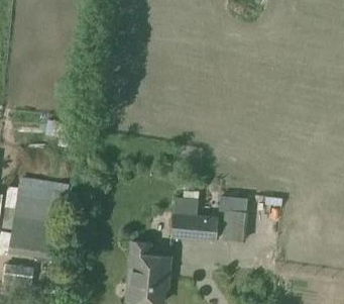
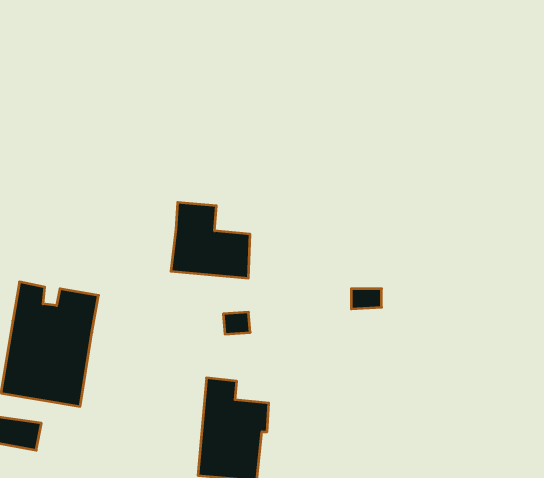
building: [169,197,217,242] -> [171,202,250,278]
building: [222,208,248,240] -> none

